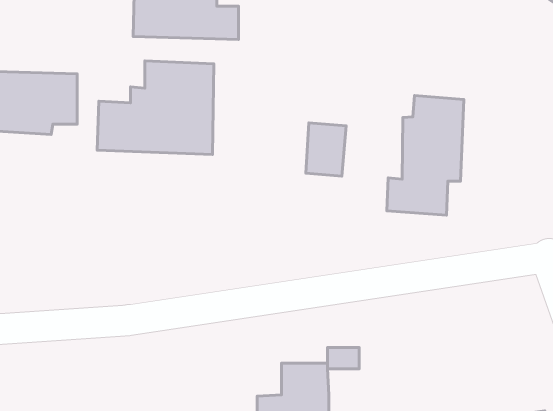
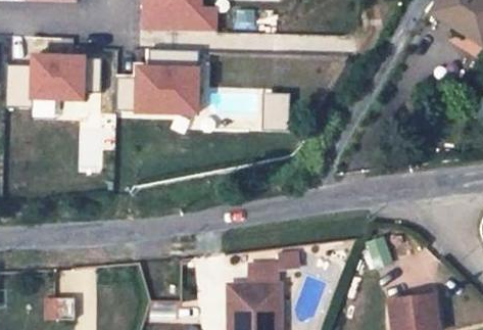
building: [387,96,464,215] -> none

